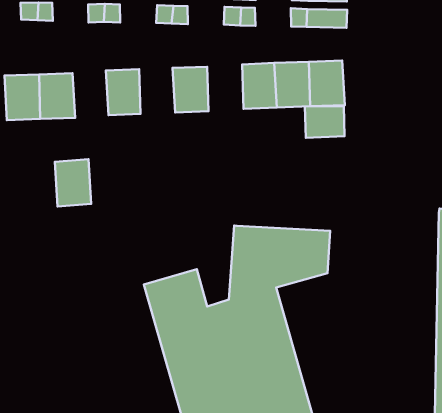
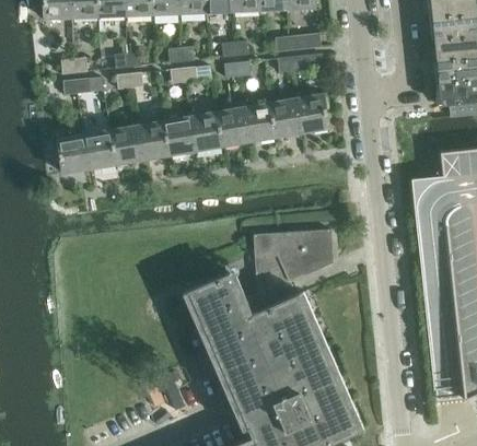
building: none -> [217,107,249,148]
building: none -> [163,117,196,156]
building: [305,106,345,138] -> none
building: [55,159,91,206] -> [110,126,143,166]

